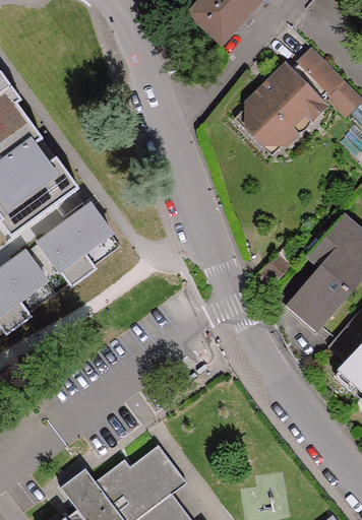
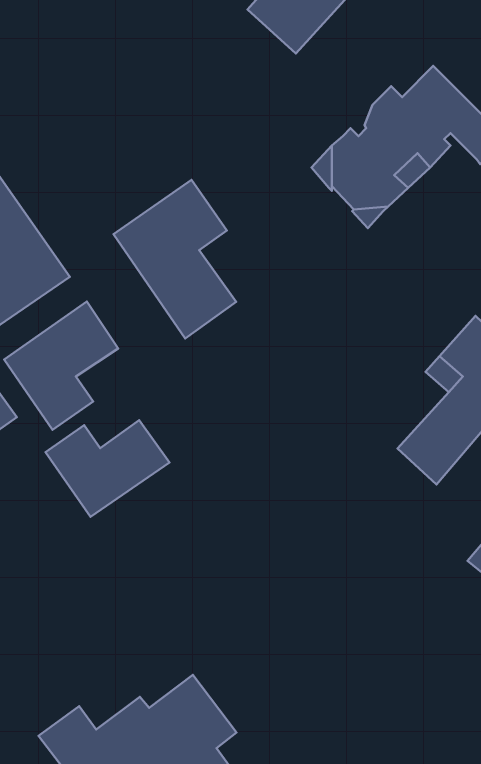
building: none -> [114,180,236,339]
building: none -> [46,420,170,517]

